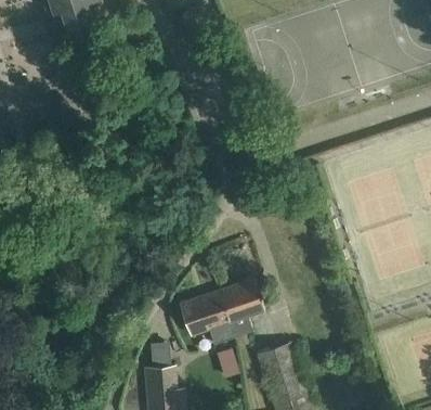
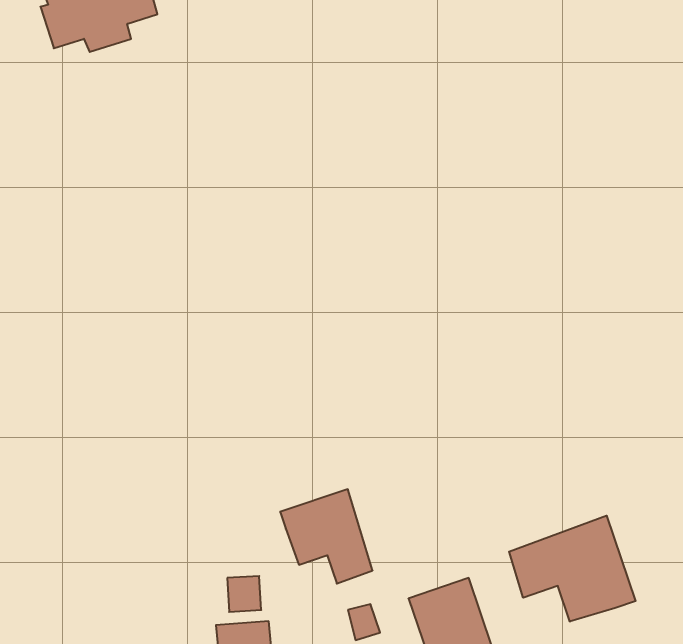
building: [220,280,264,337] -> none
building: none -> [509,516,636,622]

